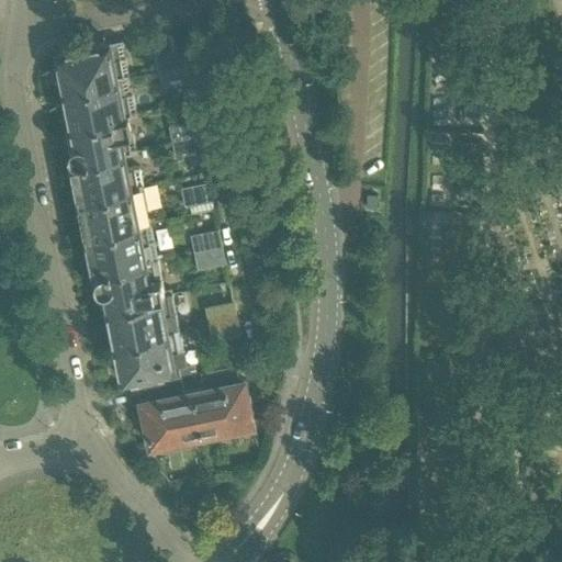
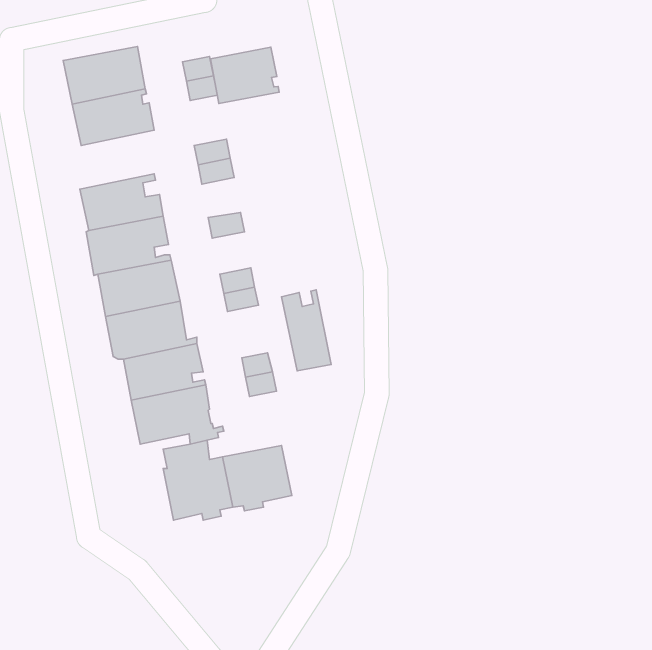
building: none -> [211,47,279,104]
building: [61,117,133,168] -> none
building: none -> [281,290,331,371]

